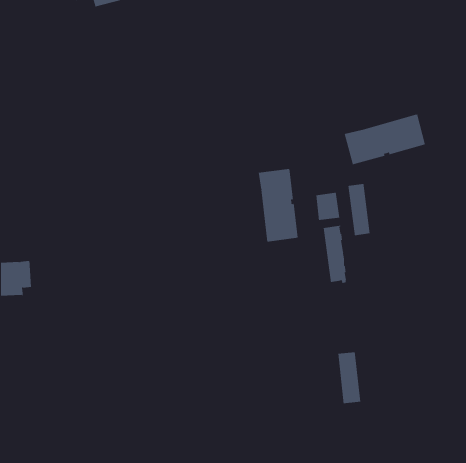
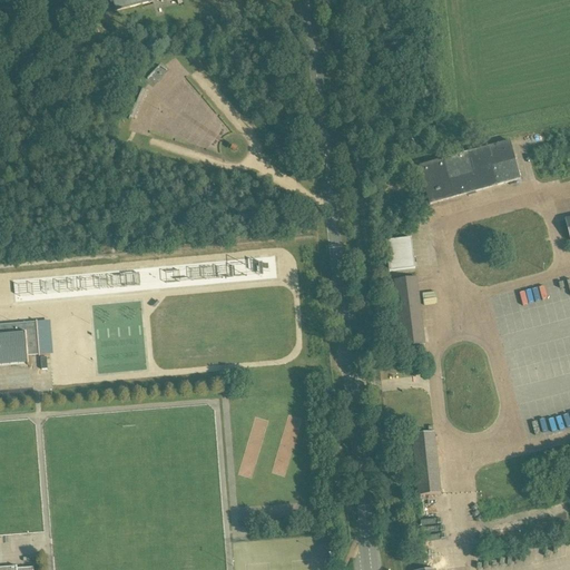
building: [258,168,298,242] -> none
building: [348,183,370,236] -> none

